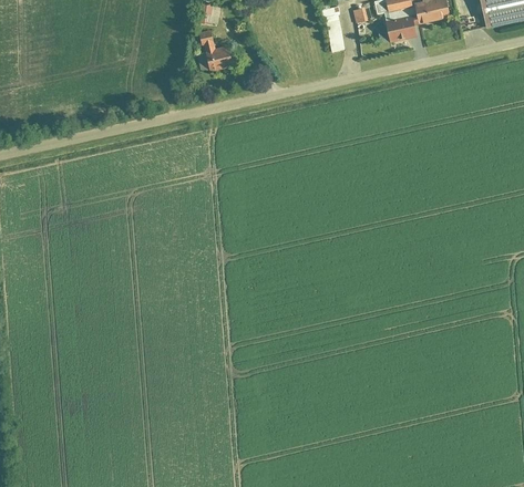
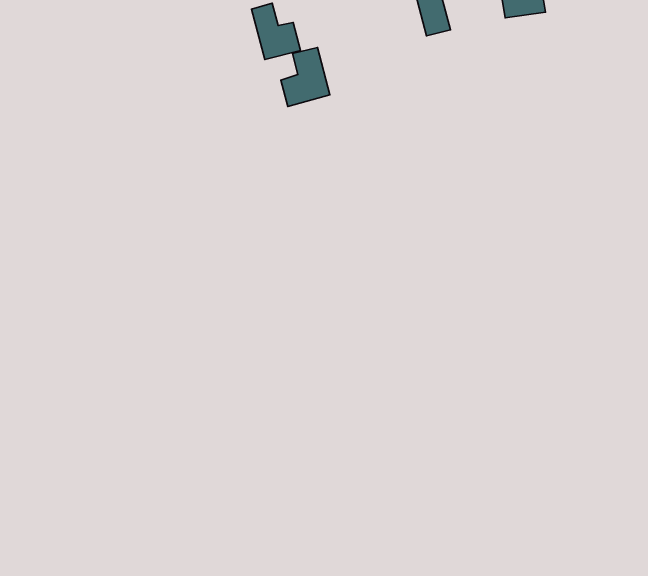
building: none -> [281,47,330,107]

